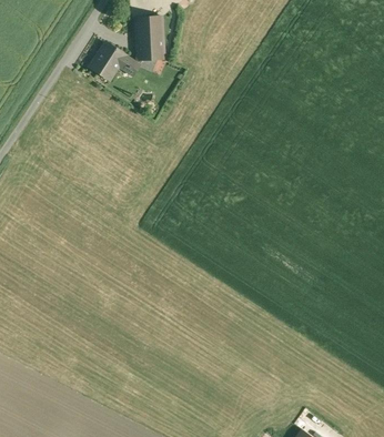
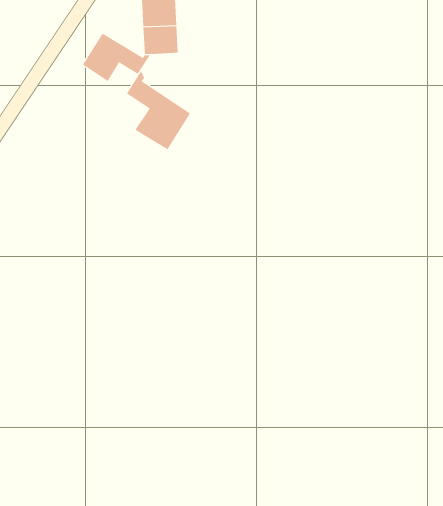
building: none -> [126,70,191,150]

